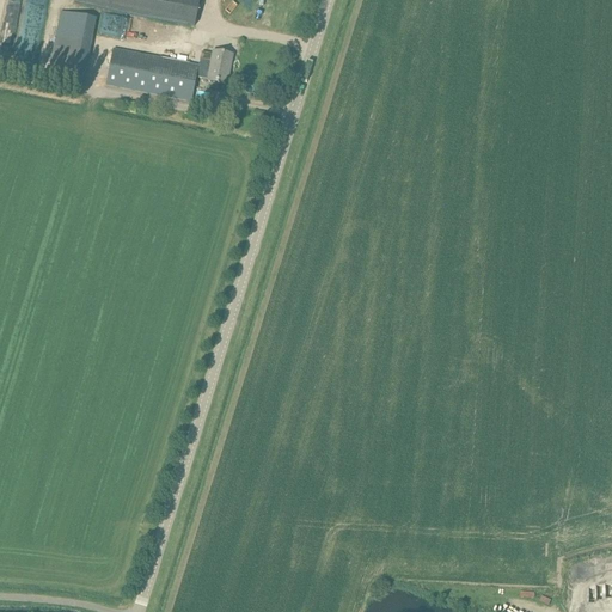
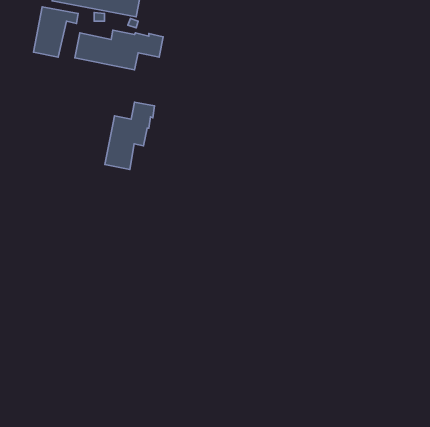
building: none -> [105,102,155,169]

